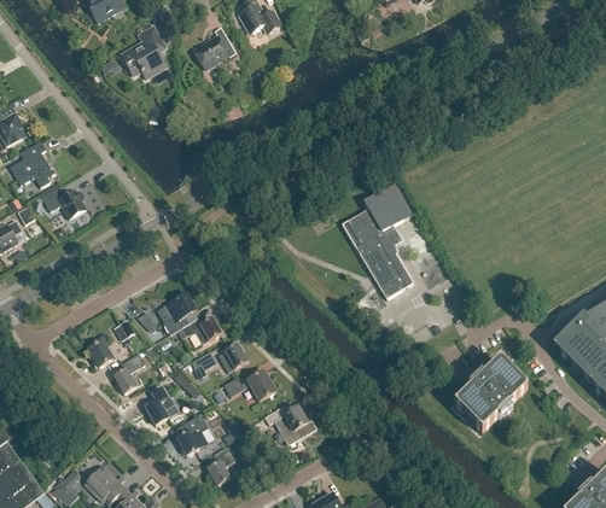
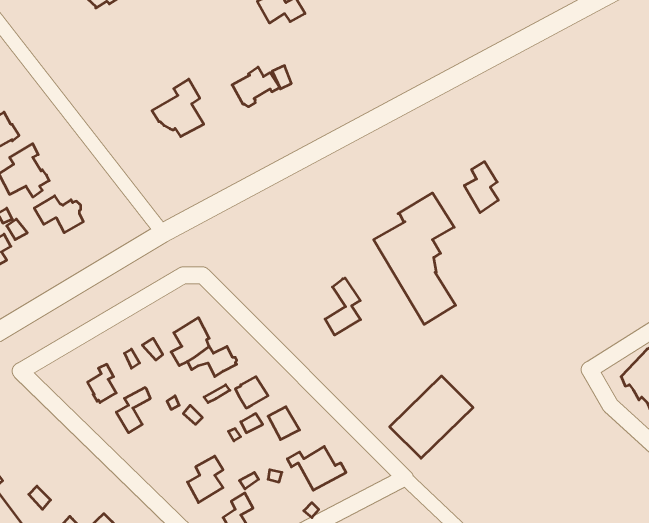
building: [120,25,165,76] -> [152,79,204,137]
building: [193,34,235,69] -> [232,67,280,107]
building: none -> [464,162,498,213]
building: none -> [325,278,361,335]
building: [453,360,526,432] -> [390,376,473,458]
building: [145,386,174,425] -> none

